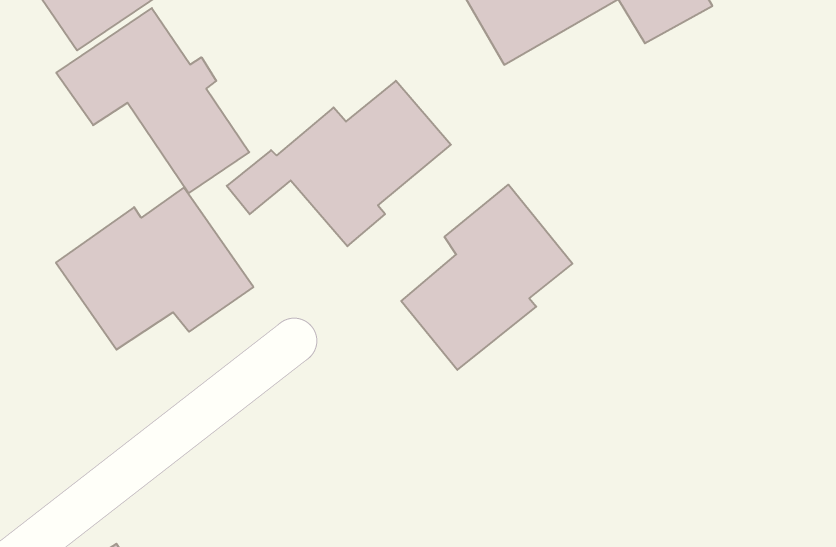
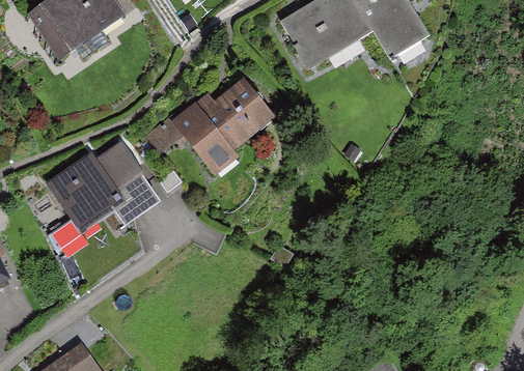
building: [56,8,249,193] -> none
building: [401,185,572,370] -> none

